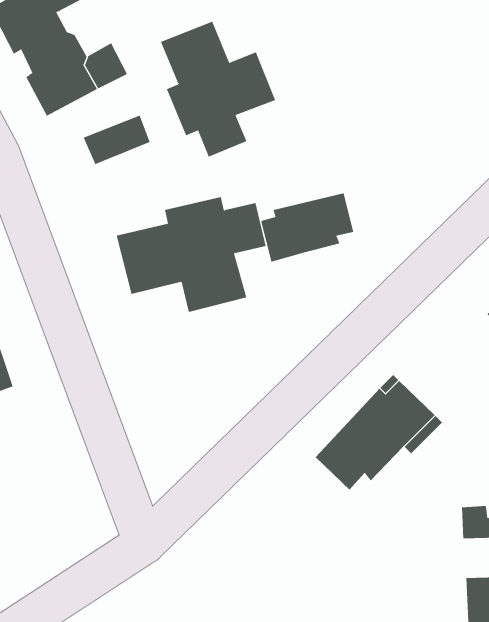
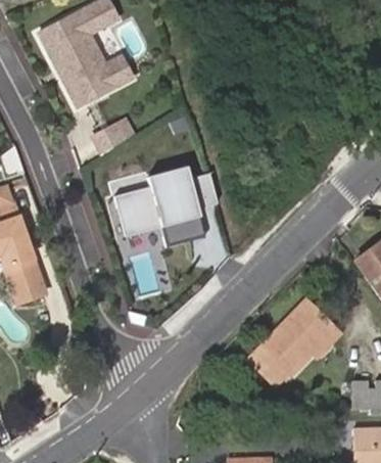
building: [160,21,276,157] -> none
building: [260,192,354,262] -> none

